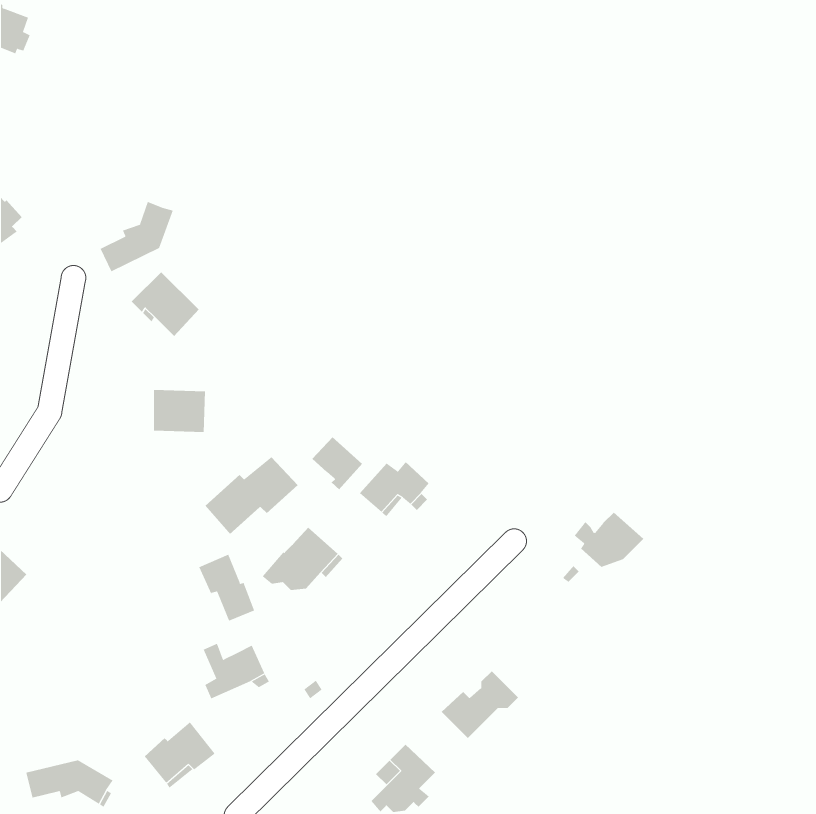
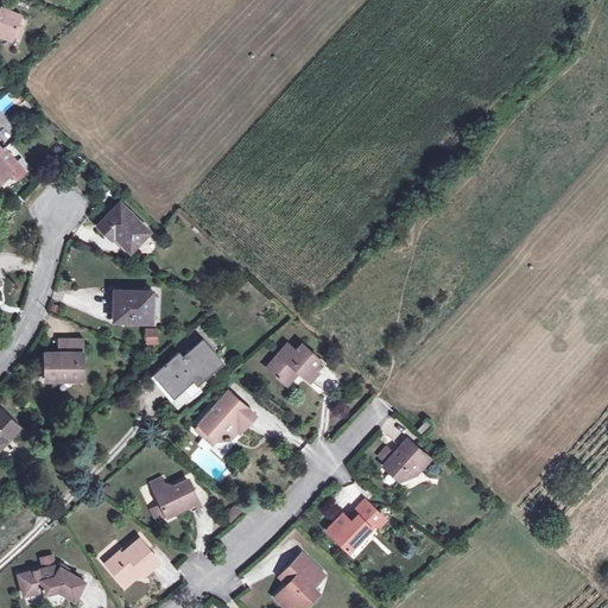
building: [100,201,174,272] -> none
building: [311,436,363,490] -> none
building: none -> [45,338,83,381]
building: [574,512,644,568] -> [379,439,431,481]
building: [198,554,255,622] -> none

